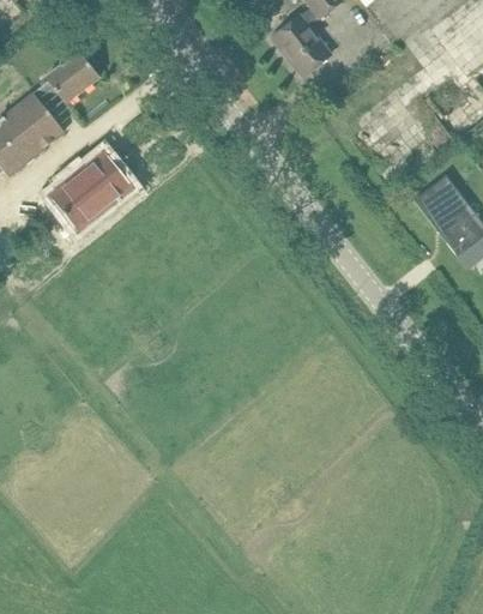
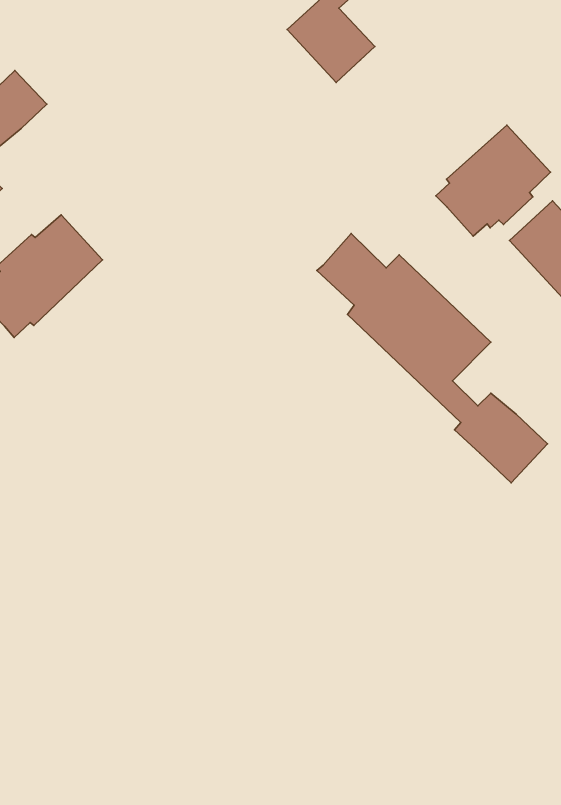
building: none -> [436,125,550,236]
building: none -> [317,234,548,483]

